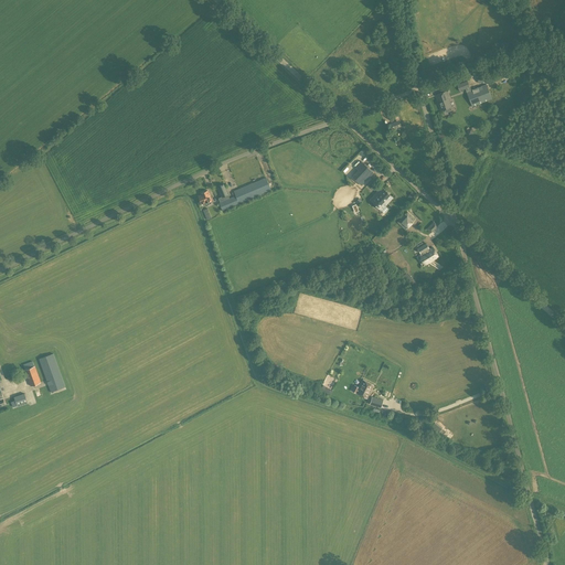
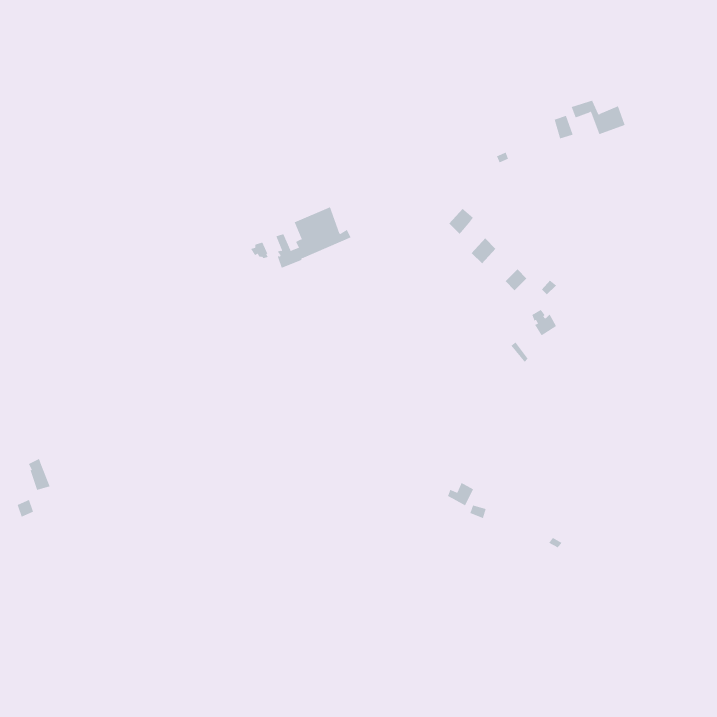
building: [38,352,64,392] -> none

